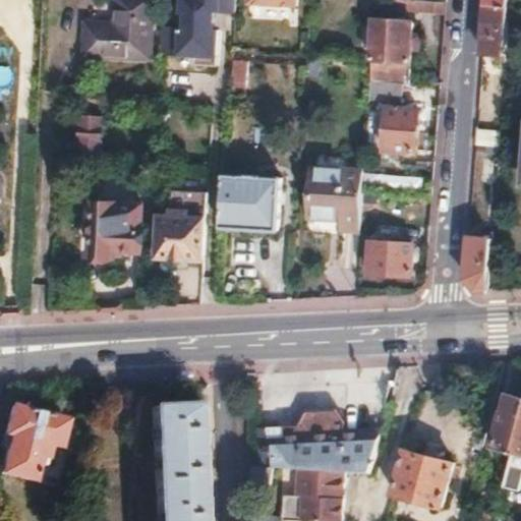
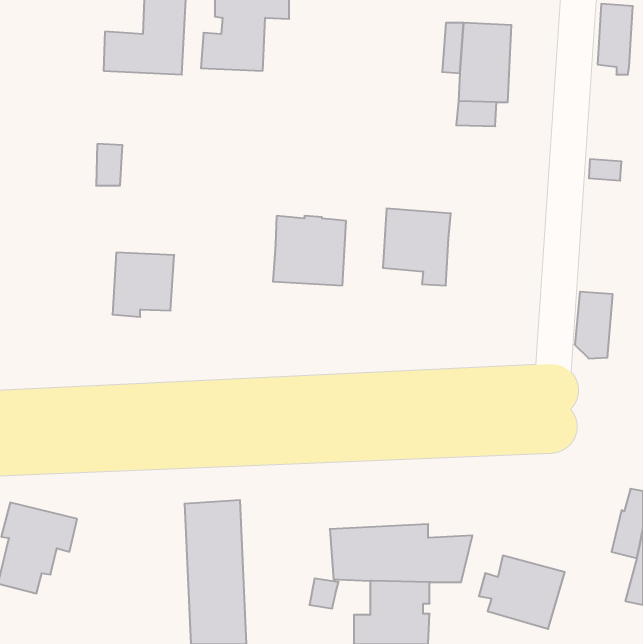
building: [384,107,418,152] -> none
building: [157,191,221,259] -> none
building: [366,240,412,274] -> none

